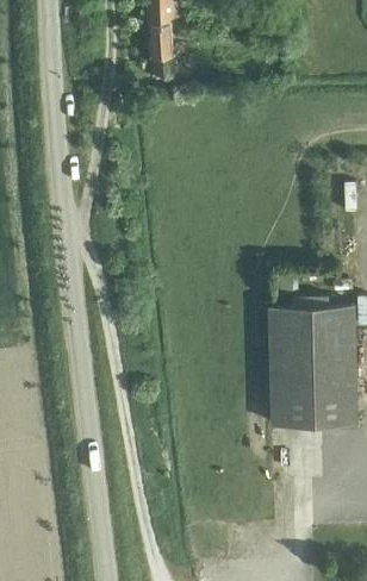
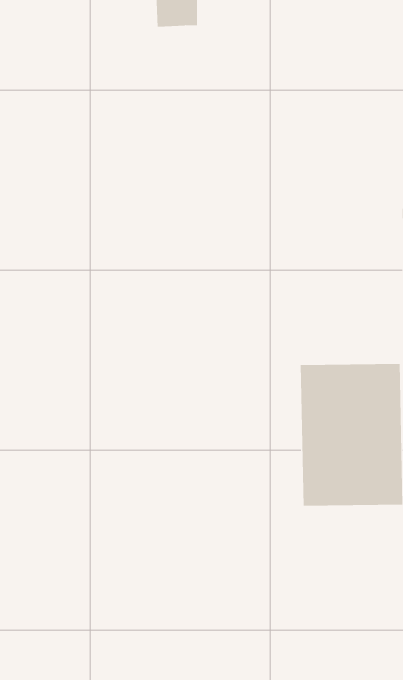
building: [150,23,179,77] -> none

